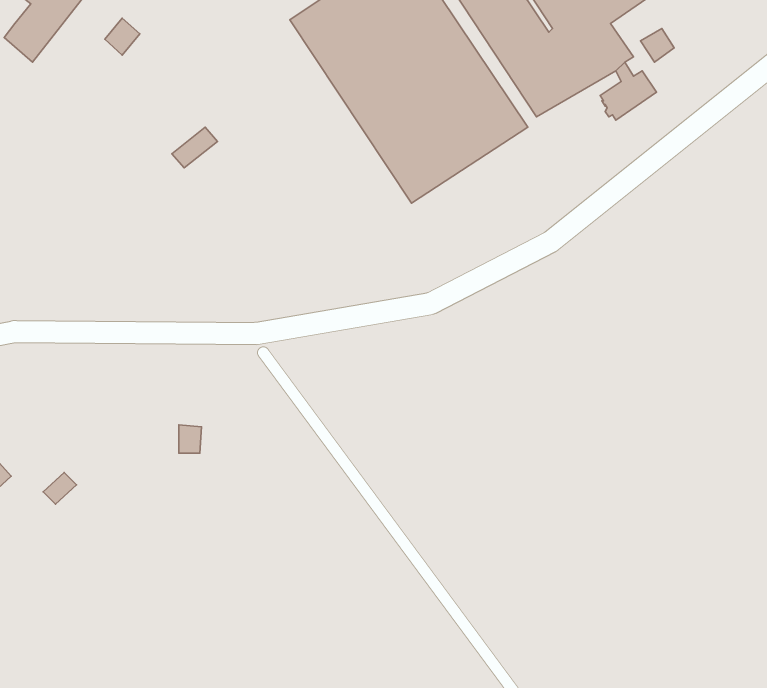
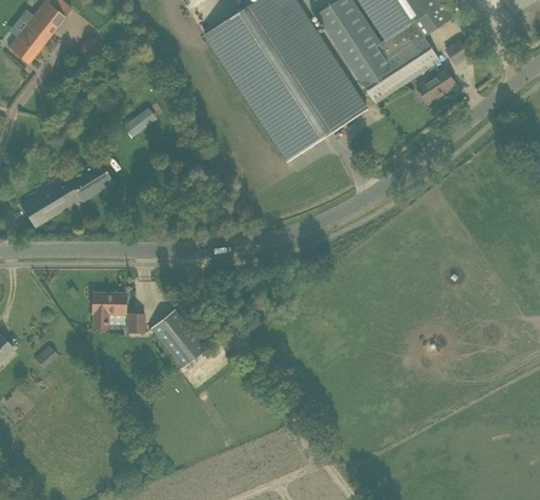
building: none -> [21,156,113,225]
building: none -> [91,292,126,328]
building: none -> [150,309,203,367]

